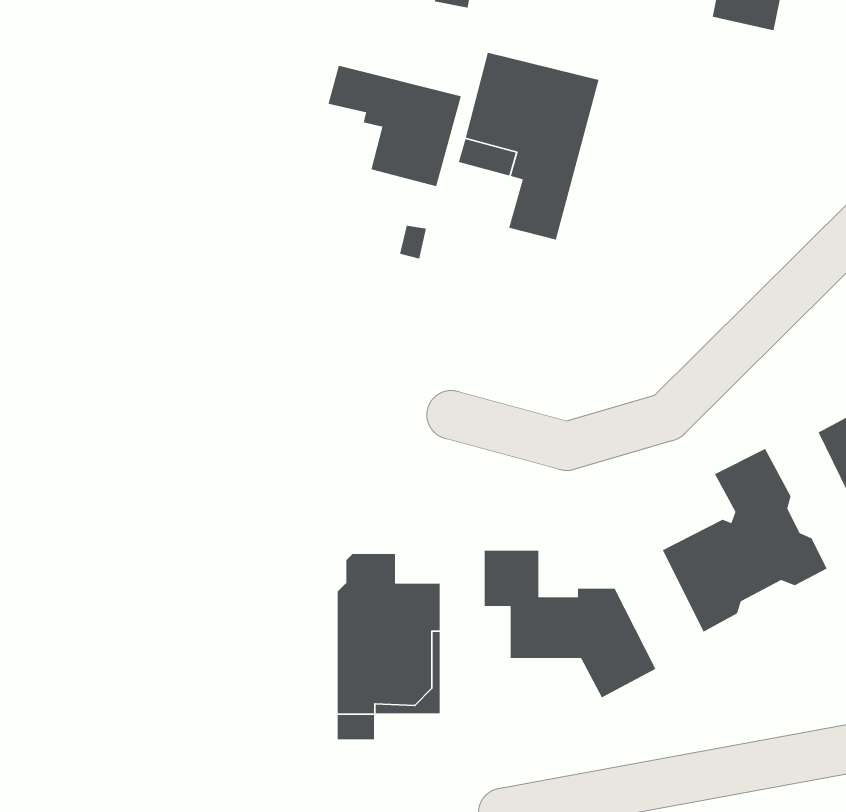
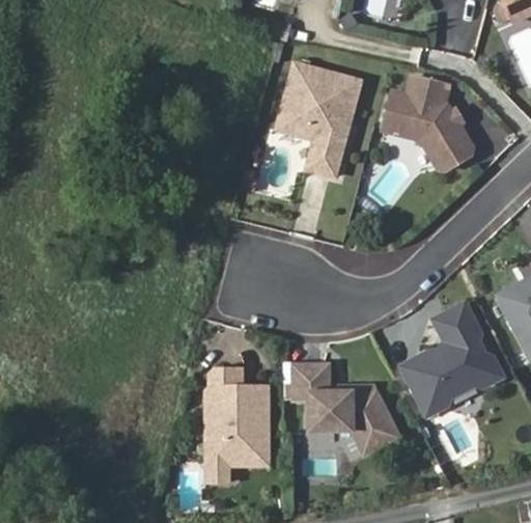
building: [327,65,462,187] -> none
building: none -> [386,76,474,169]

